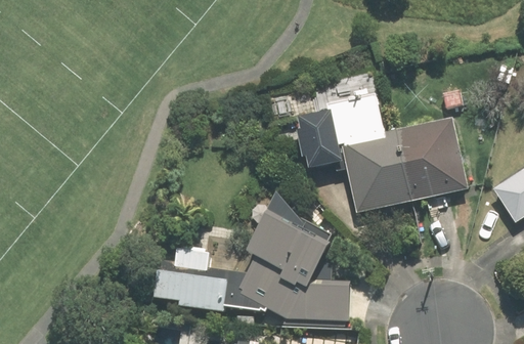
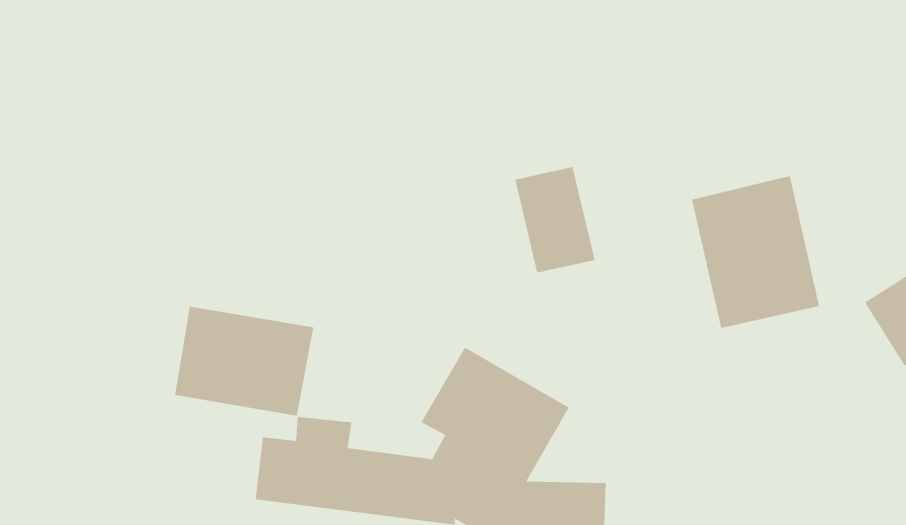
building: [333,95,412,213] -> none
building: none -> [174,306,314,417]

